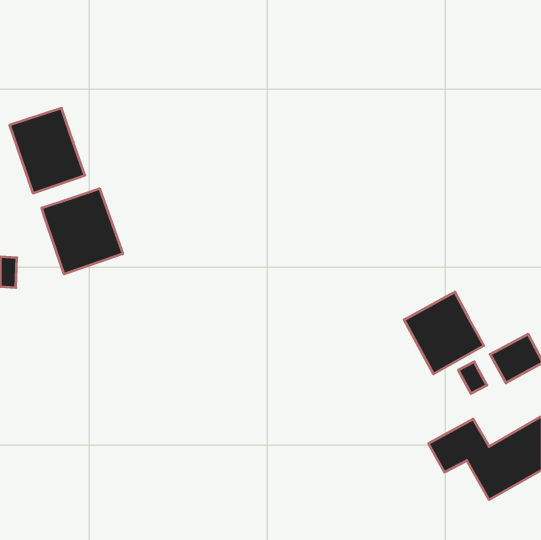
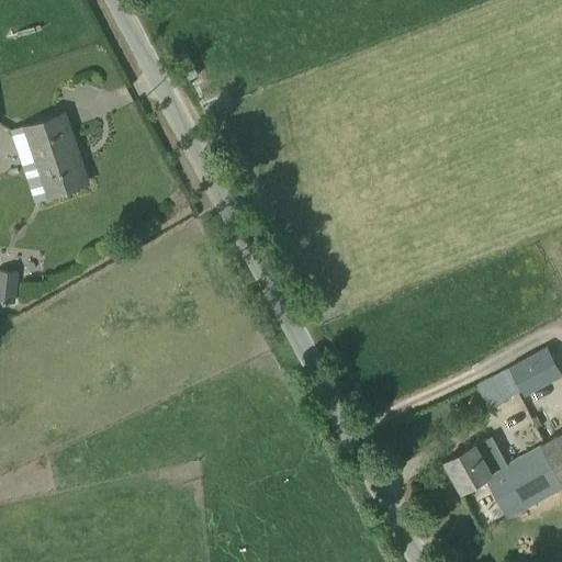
building: [42,189,123,274] -> none
building: [404,292,484,374] -> none

